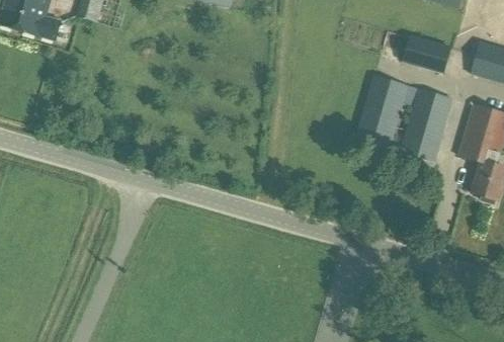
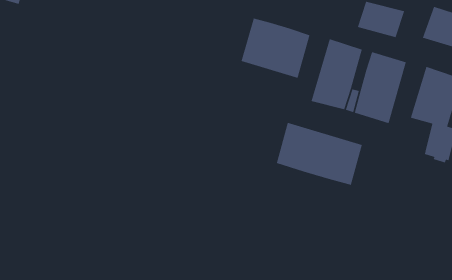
building: none -> [241,18,311,79]
building: none -> [276,122,363,186]

